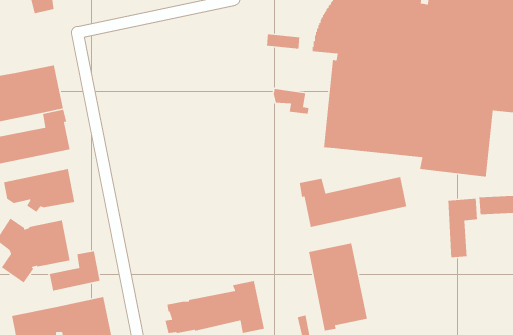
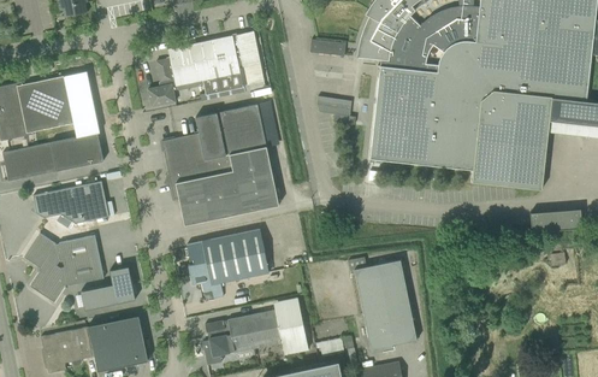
building: none -> [148,31,265,106]
building: none -> [161,104,278,225]
building: [299,176,407,228] -> none
building: [448,198,478,258] -> none
building: none -> [186,229,268,291]

